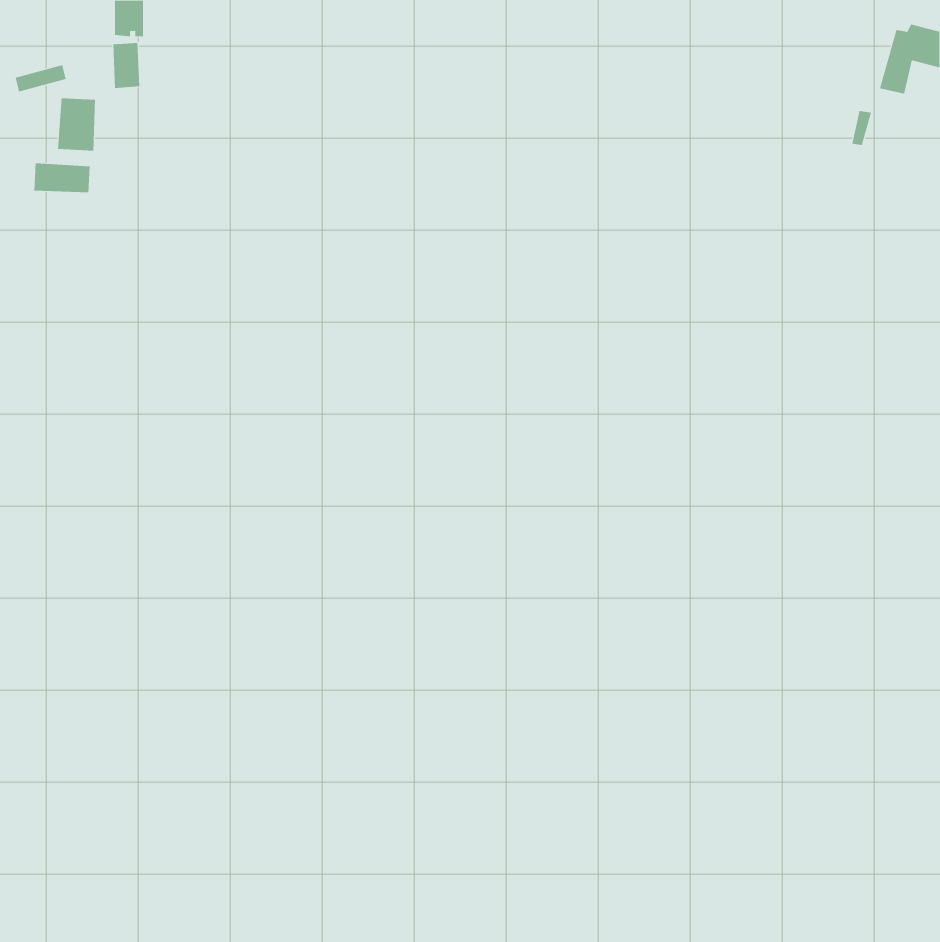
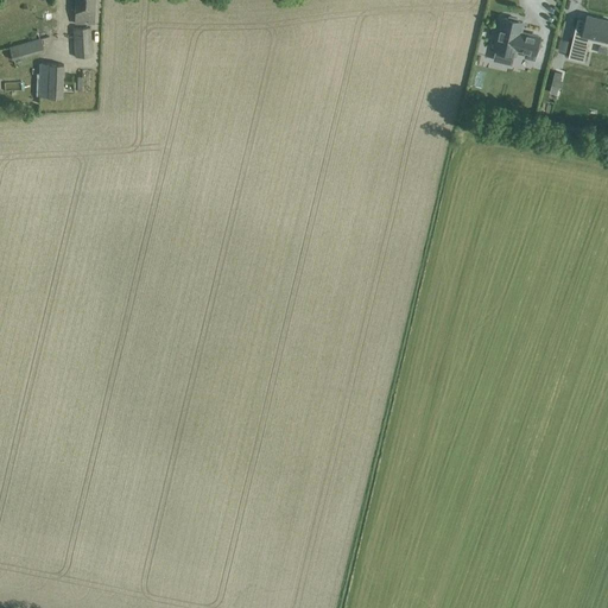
building: none -> [494,17,539,59]
building: [34,163,90,193] -> none

